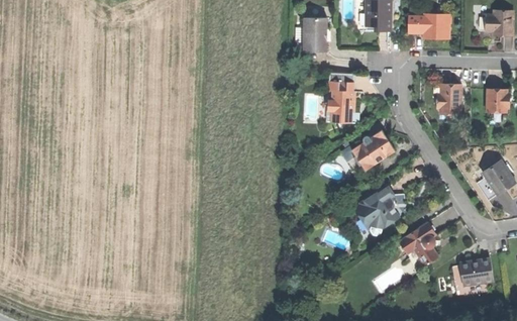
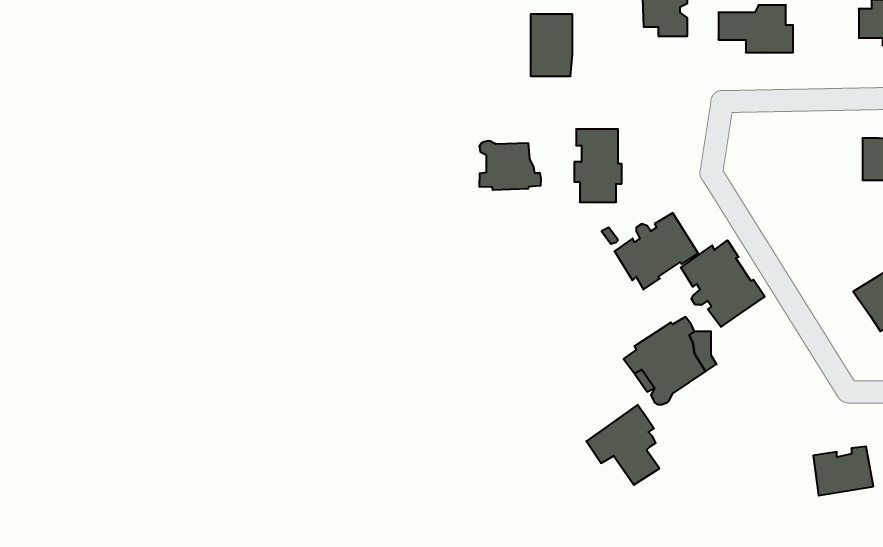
building: [436,84,460,111] -> none
building: none -> [480,141,541,190]
building: none -> [681,240,765,327]
building: [398,221,438,265] -> [586,405,659,485]

